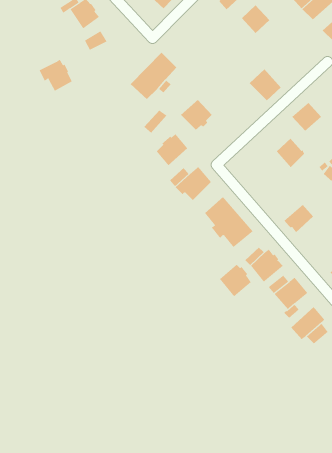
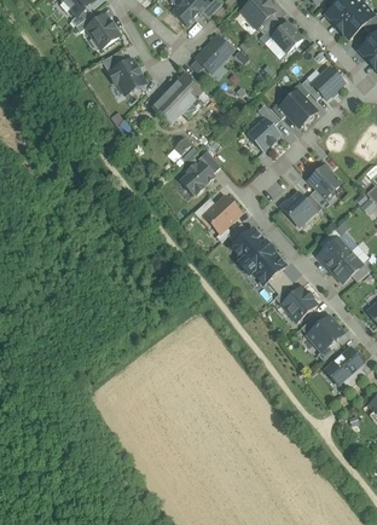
building: none -> [197,36,232,71]
building: [39,59,73,91] -> [109,59,145,94]
building: [180,99,213,130] -> [246,117,282,151]
building: [292,102,322,131] -> [312,68,344,99]
building: none -> [280,192,314,226]
building: none -> [330,250,362,283]
building: [219,264,252,297] -> none

